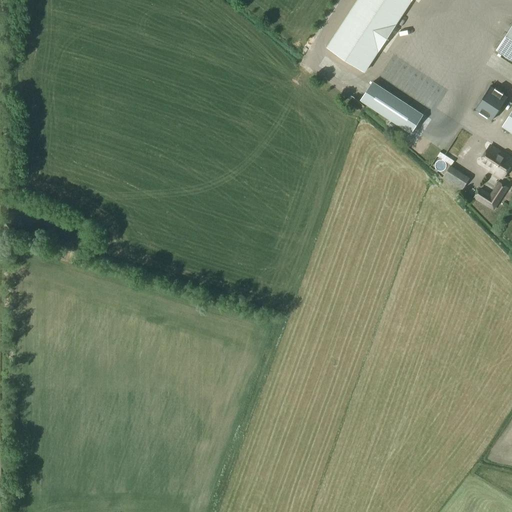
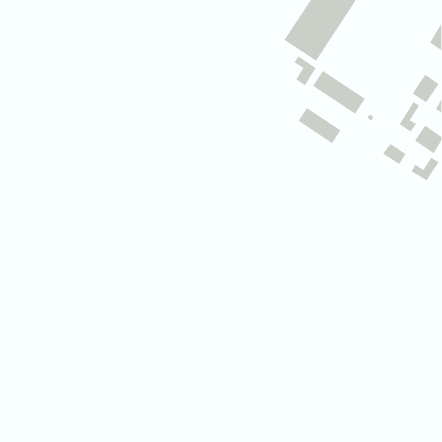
building: none -> [293,56,316,86]
building: none -> [399,101,420,133]
building: none -> [298,107,341,144]

